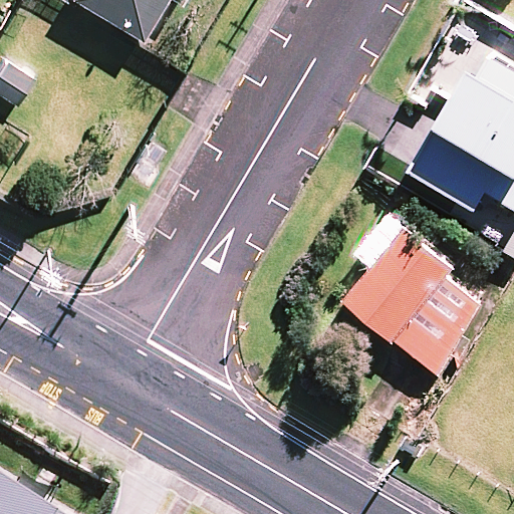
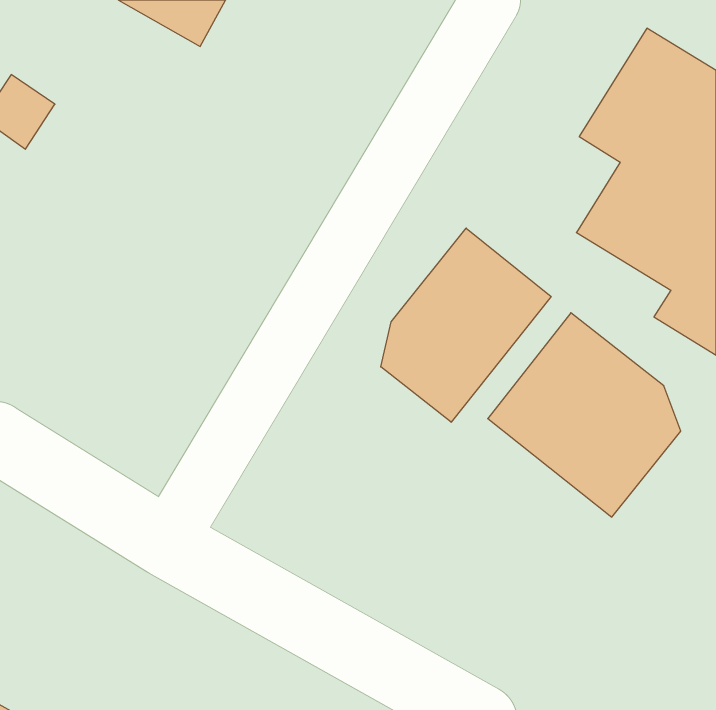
building: none -> [381,228,551,422]

